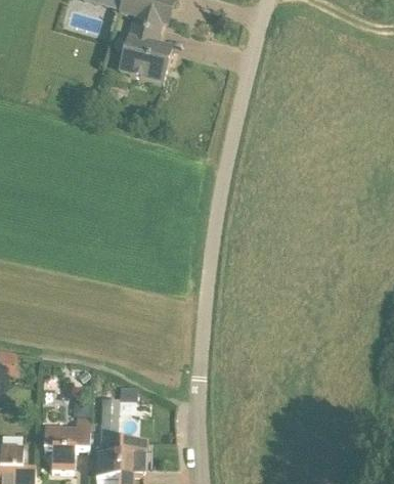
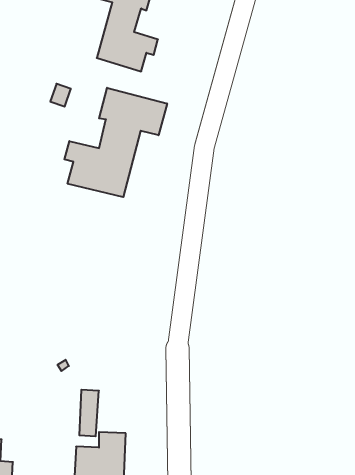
building: none -> [64,88,167,197]
building: [43,414,90,469] -> none

